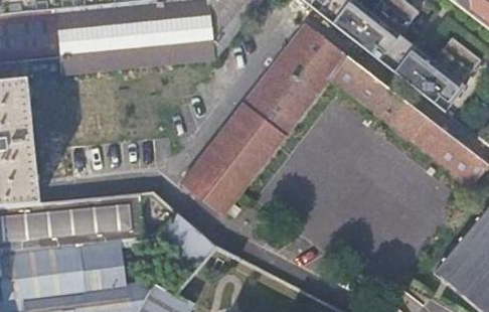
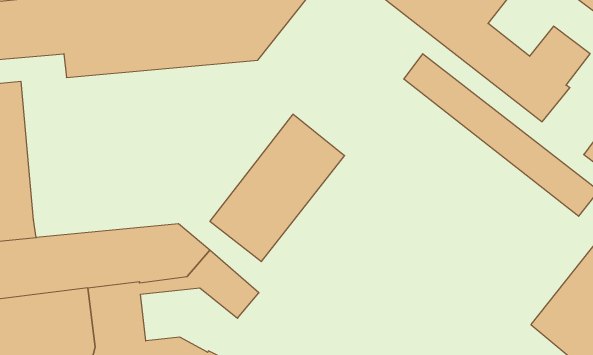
building: [243,23,347,137] -> none

